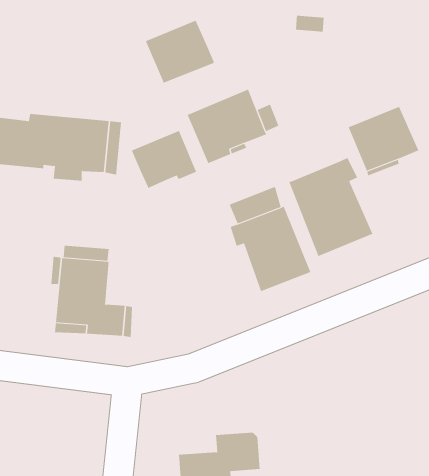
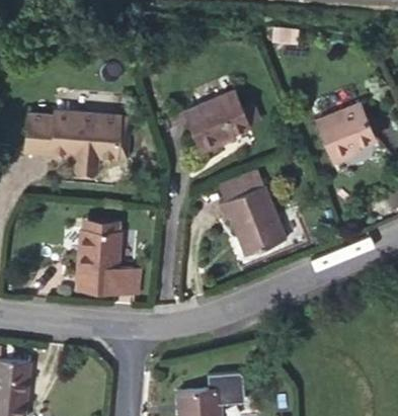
building: [145,20,215,84] -> none
building: [131,130,197,189] -> none
building: [289,157,373,257] -> none

